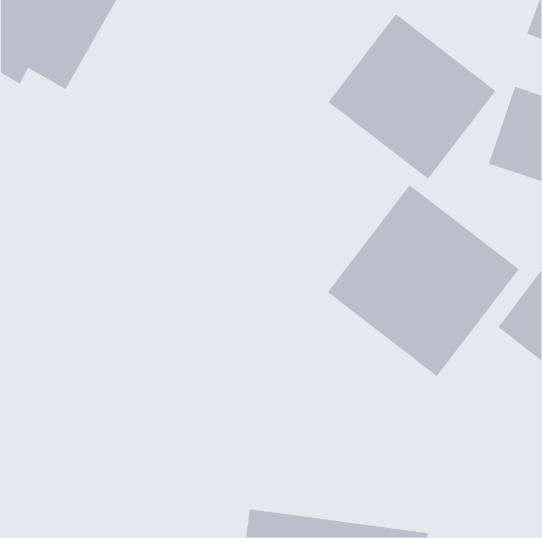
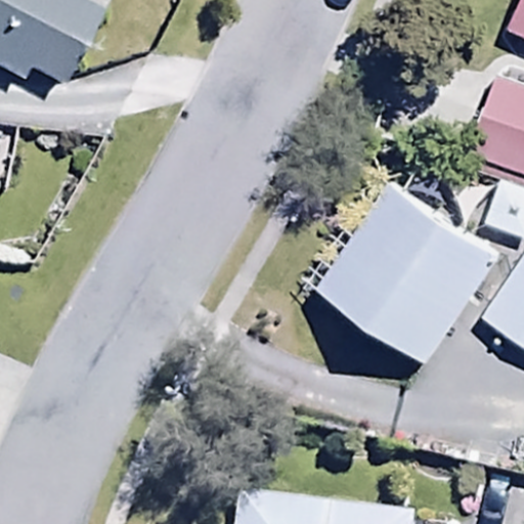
building: [327,13,497,180] -> none

